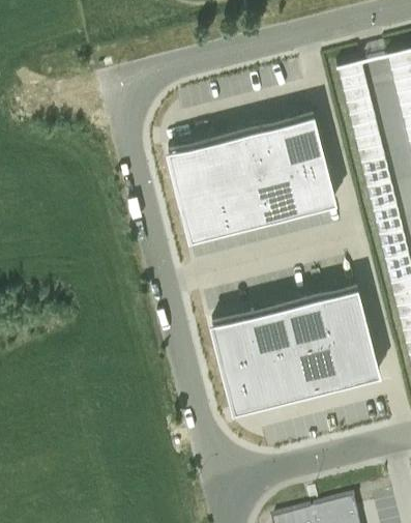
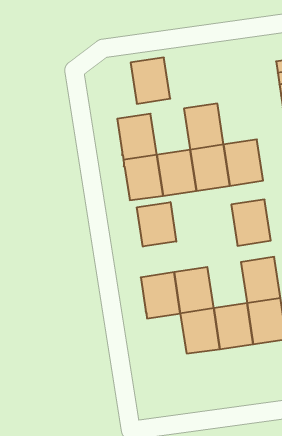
building: [278,118,326,172] -> none
building: [206,137,254,191] -> [131,58,170,104]
building: none -> [137,202,176,247]
building: [286,299,333,353] -> [231,200,271,246]
building: [225,362,272,415] -> none

